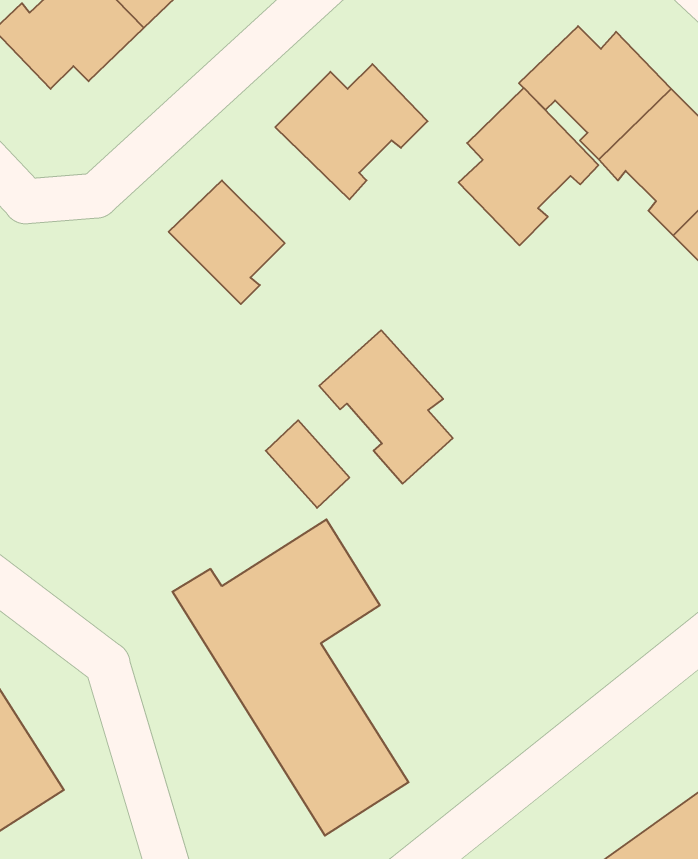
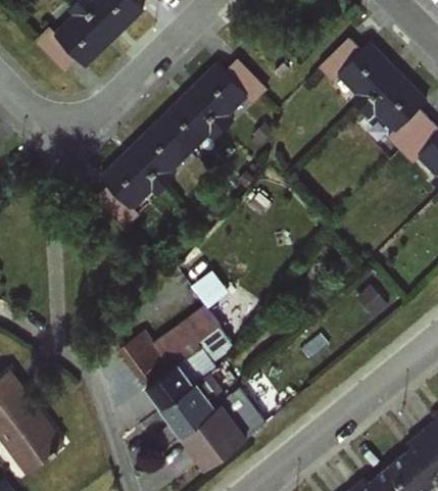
building: [459,88,598,245] -> none
building: none -> [155,92,224,154]
building: none -> [94,148,165,228]
building: [319,330,453,484] -> none

